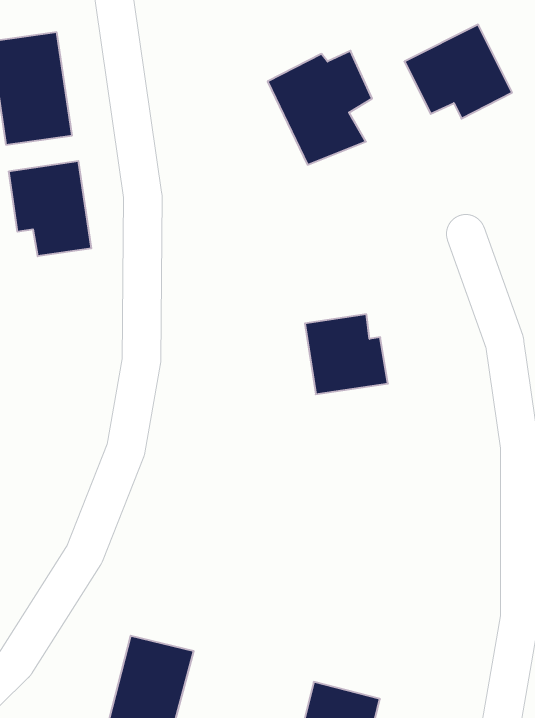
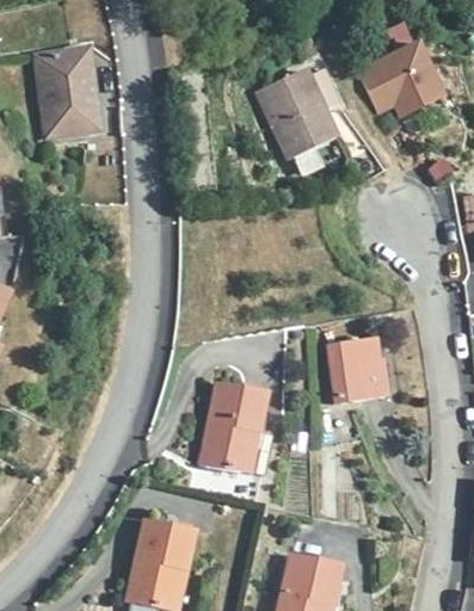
building: [9,161,91,256] -> none
building: [305,314,388,394] -> [326,341,390,403]
building: none -> [198,381,266,474]

